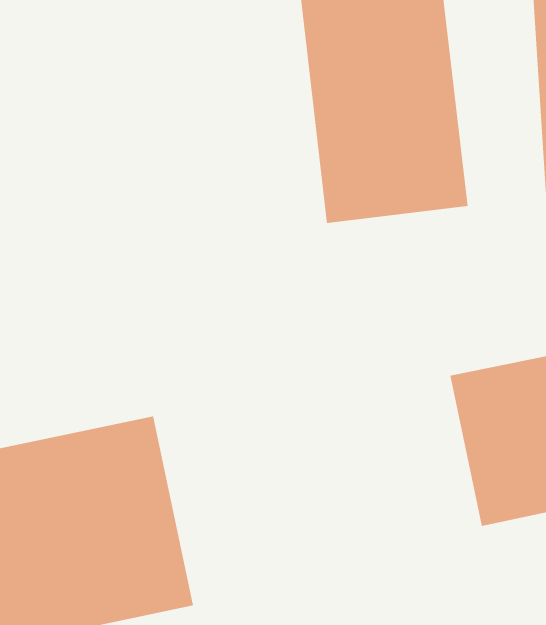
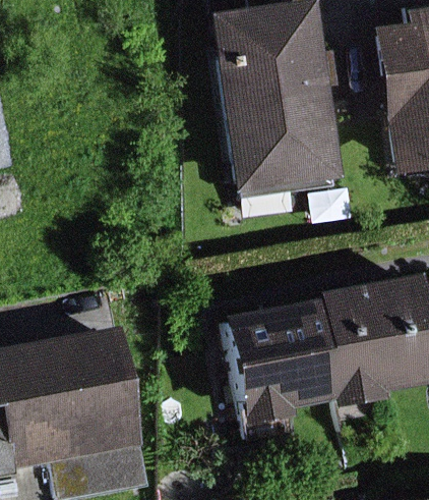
building: none -> [228,297,346,425]

